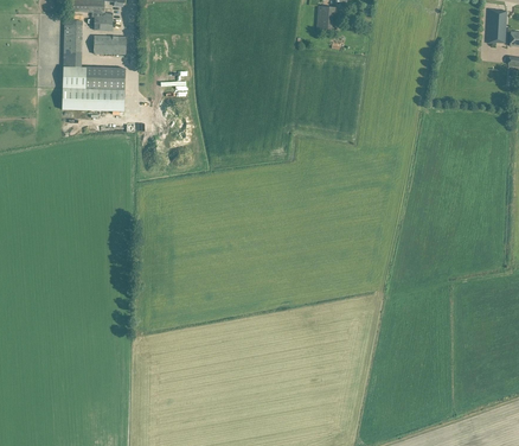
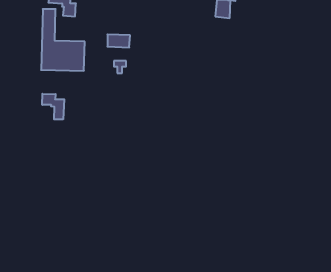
building: [94,36,127,55] -> [107,34,130,47]
building: none -> [42,94,64,119]

